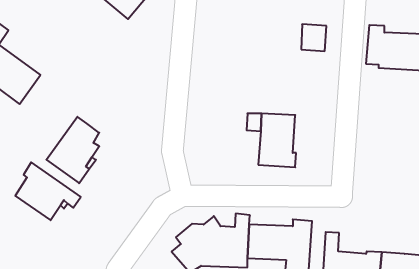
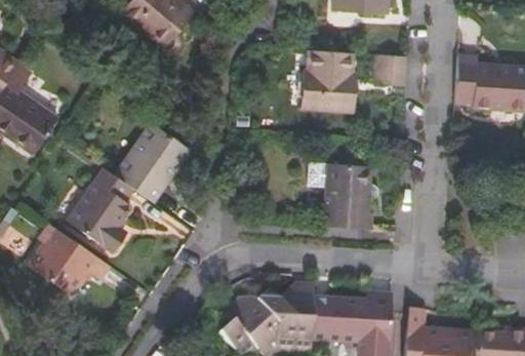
building: none -> [300,49,356,112]
building: none -> [115,122,188,201]

